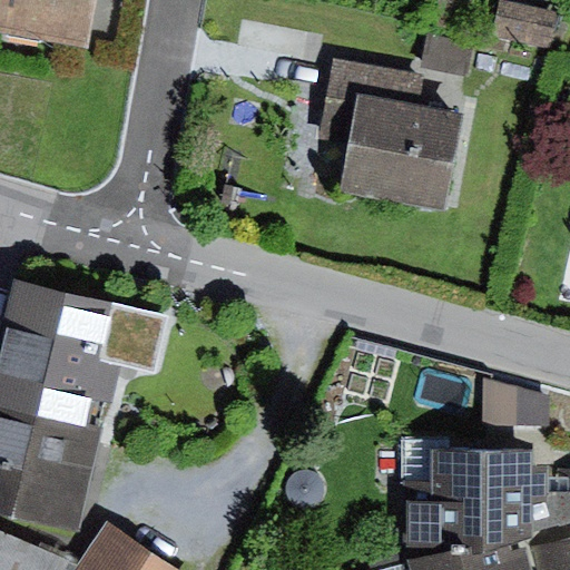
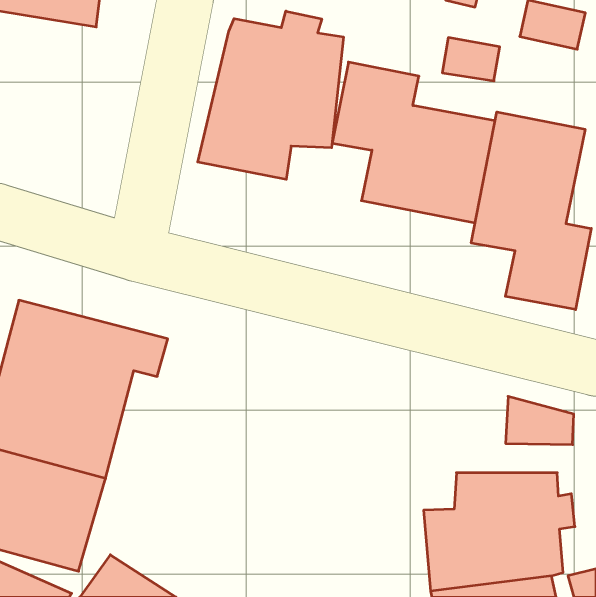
building: none -> [198,11,343,179]
building: none -> [471,112,591,310]

